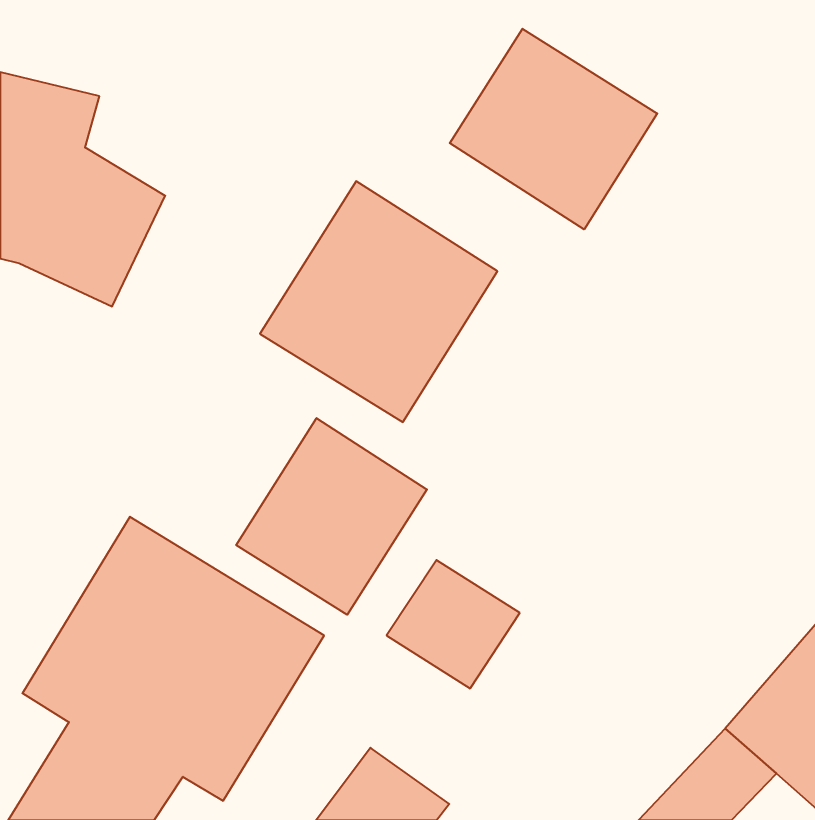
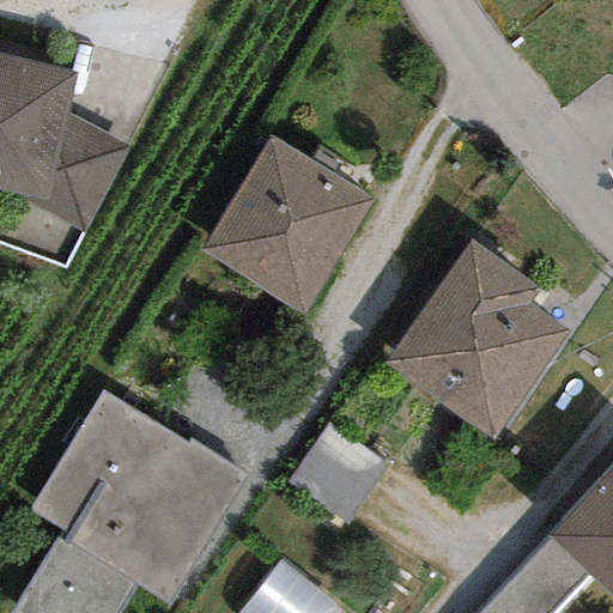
building: [450,29,657,229] -> none
building: none -> [377,238,572,445]
building: [236,418,427,615] -> none

